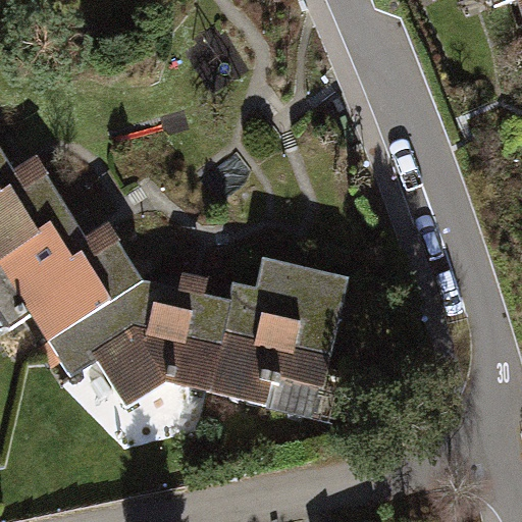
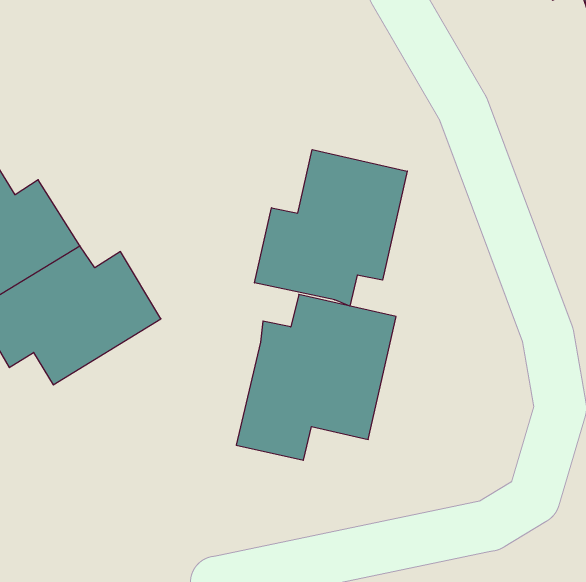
building: none -> [255,150,407,306]
building: [47,280,229,407] -> none

